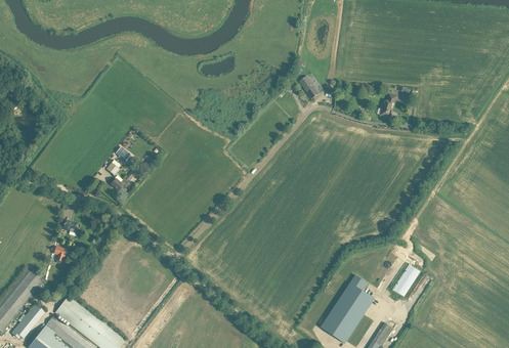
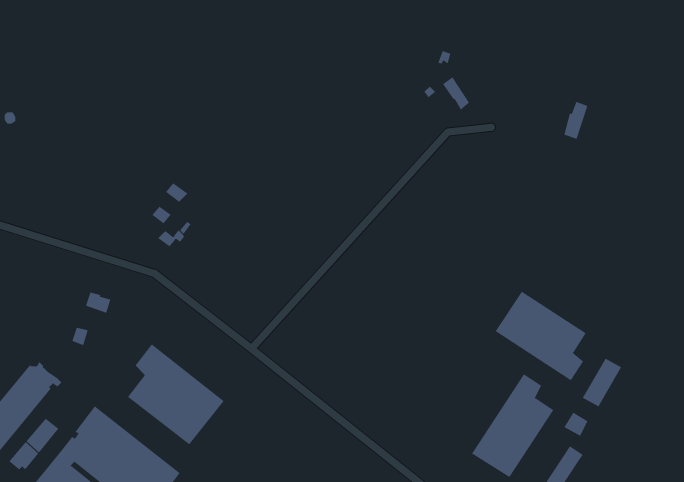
building: none -> [495,291,587,381]
building: none -> [127,344,225,445]

